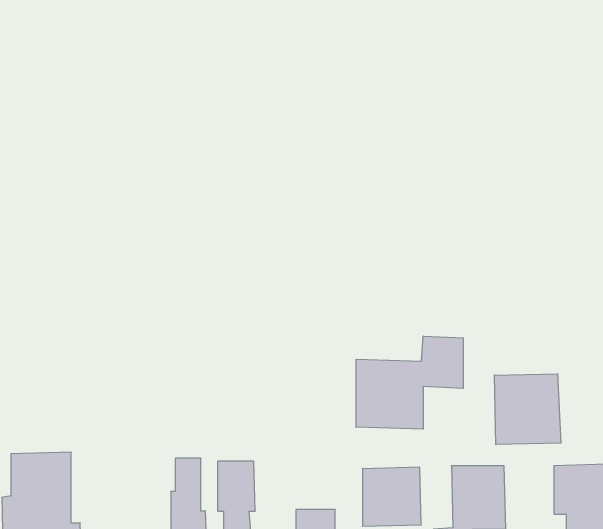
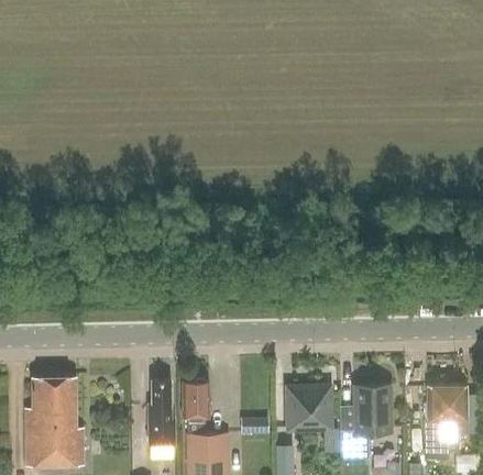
building: [356,336,463,429] -> none
building: [494,374,561,445] -> none

